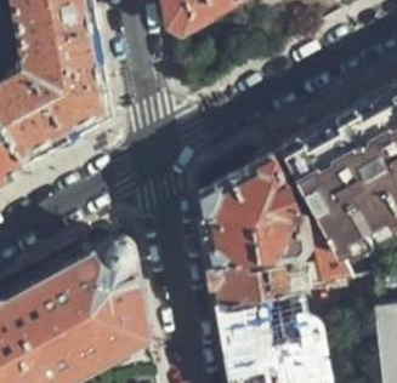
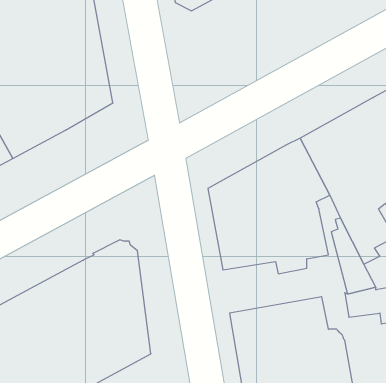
building: [210,261,305,307] -> none

